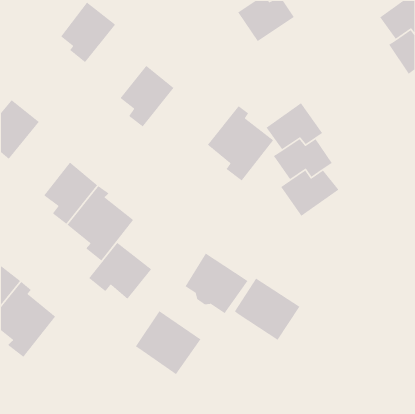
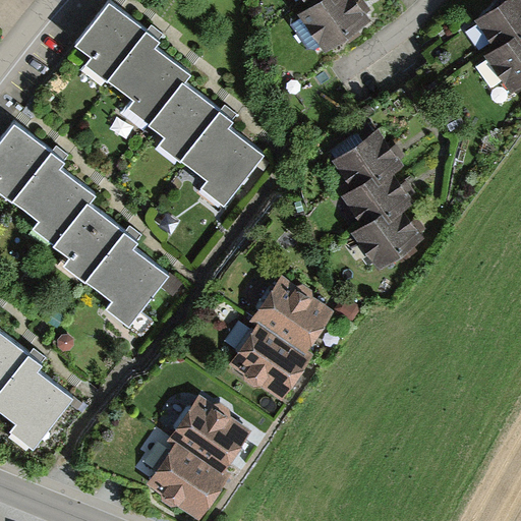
building: none -> [107,32,189,124]
building: [207,105,274,181] -> [179,111,264,207]
building: none -> [11,154,94,246]
building: [88,242,152,300] -> none
building: [234,277,301,341] -> [252,271,336,350]
building: none -> [148,439,227,514]

